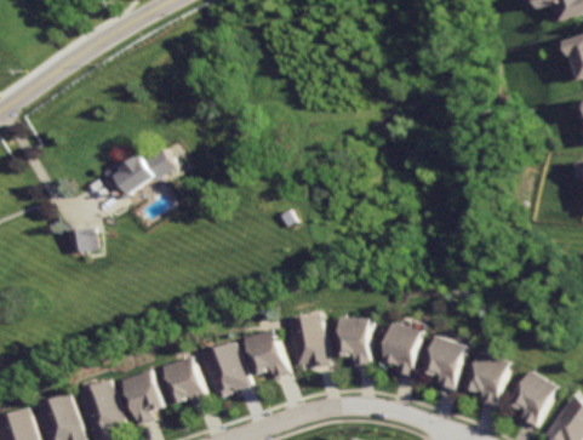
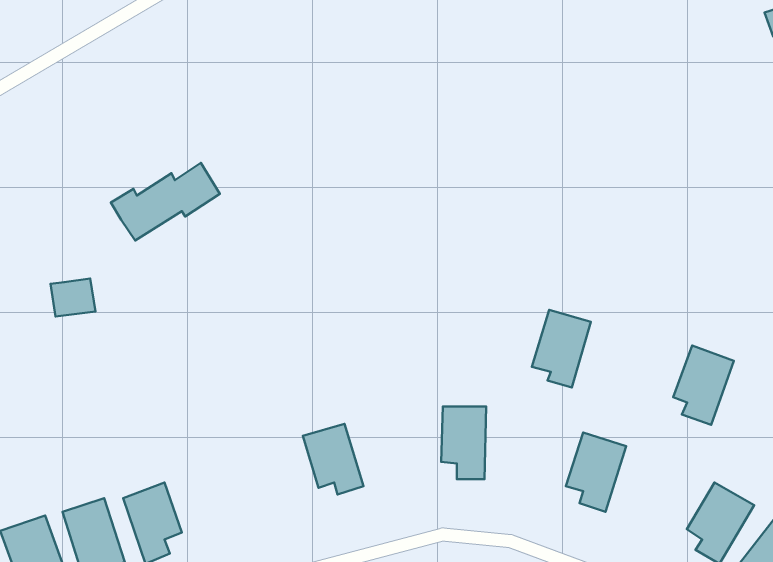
building: [285,313,326,368] -> none
building: [382,321,423,376] -> [532,310,591,388]
building: [195,343,242,395] -> none
building: [467,350,509,406] -> [673,345,734,425]
building: [156,358,200,406] -> none

